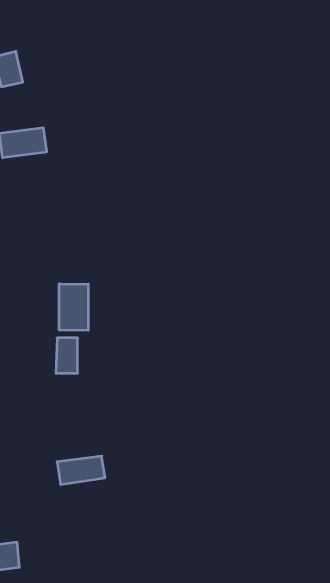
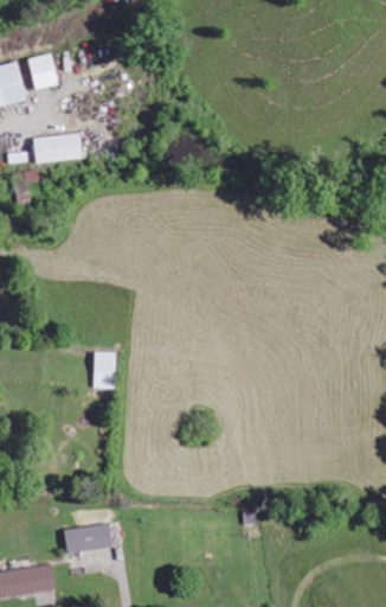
building: [59,284,88,330] -> none
building: [57,456,105,485] -> [64,523,114,552]

